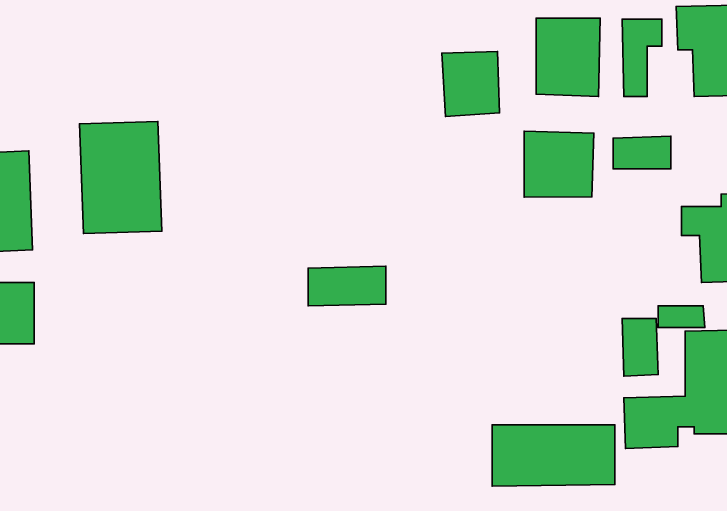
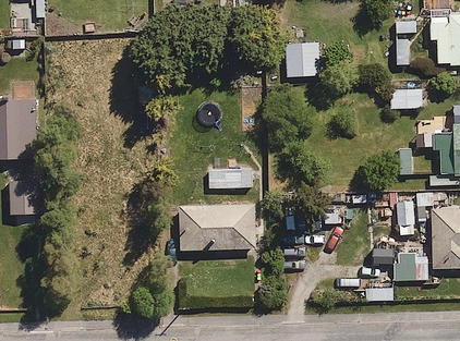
building: [536,18,600,96] -> none
building: [80,122,162,233] -> none
building: [524,131,594,197] -> none
building: none -> [179,202,259,253]

